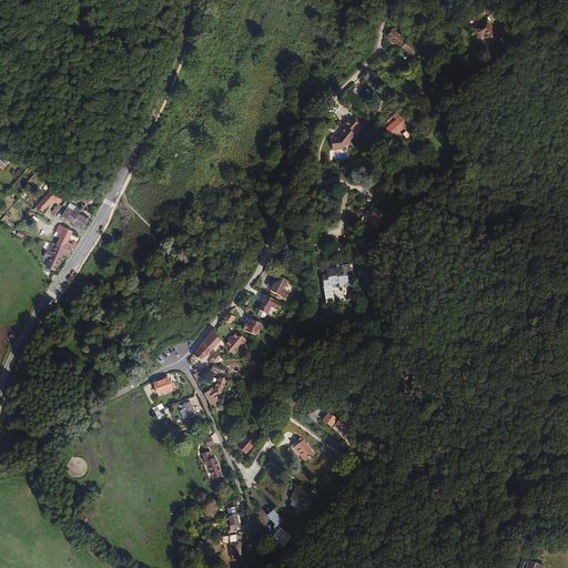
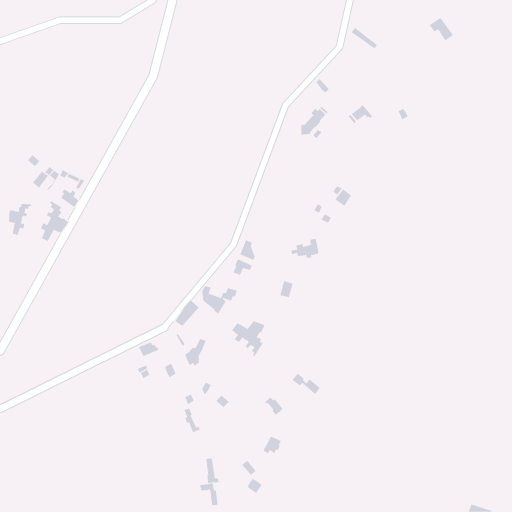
building: none -> [8,203,31,236]
building: none -> [231,321,266,357]

